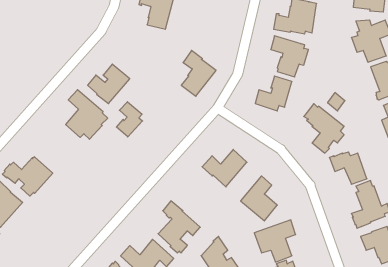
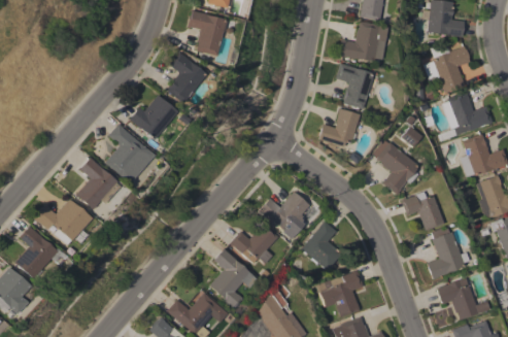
building: [181,50,216,96] -> [168,52,207,103]
building: [116,102,143,137] -> none
building: none -> [75,157,118,209]
building: none -> [229,224,277,263]

